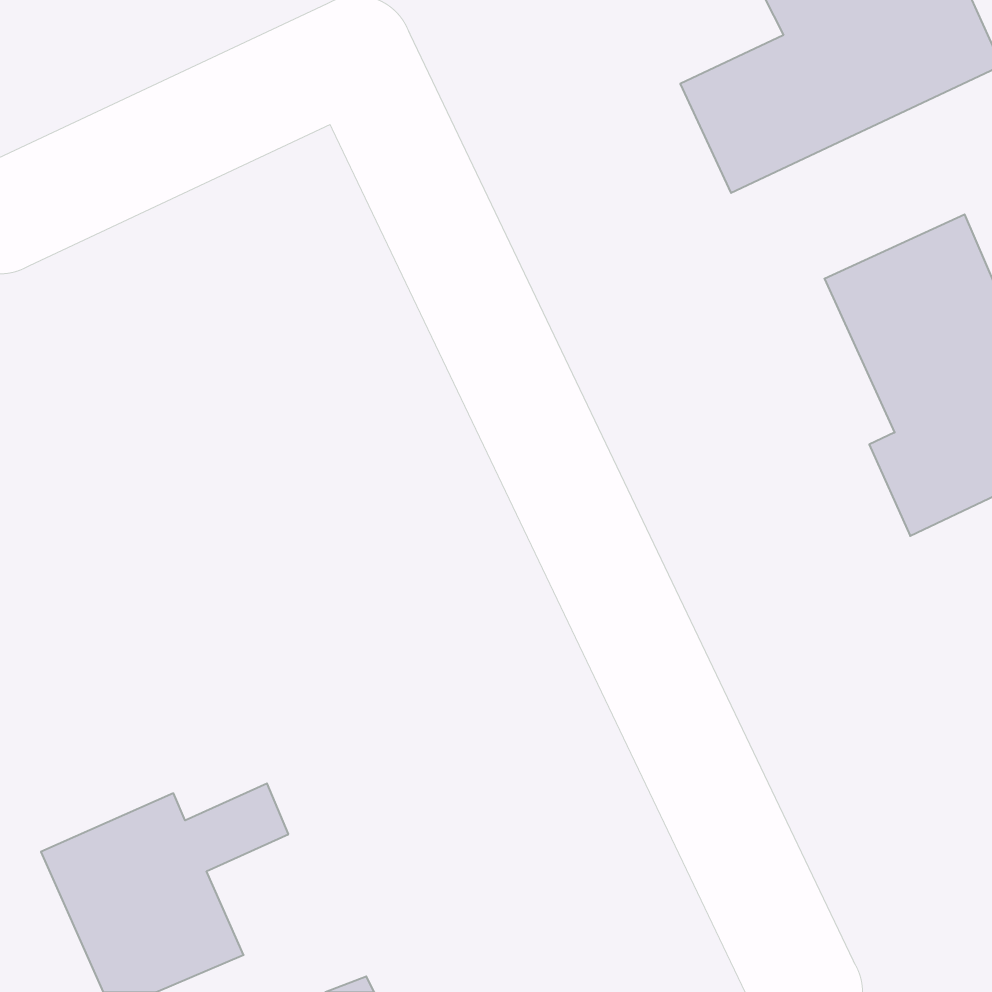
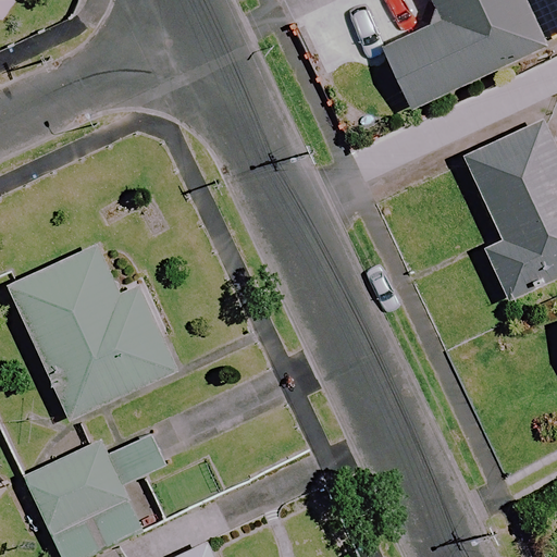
building: none -> [8,246,183,419]

